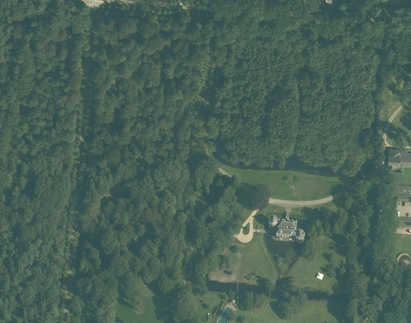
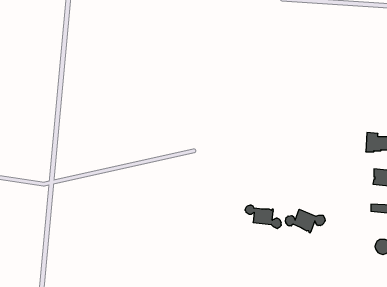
building: none -> [286,209,325,233]

